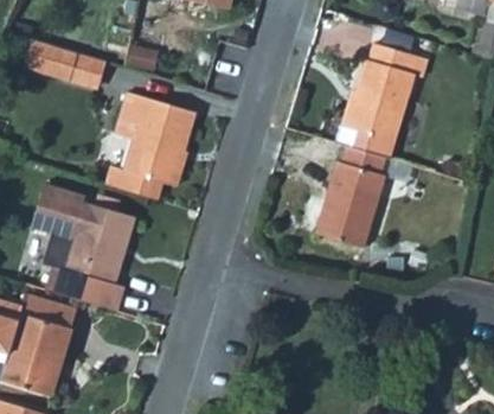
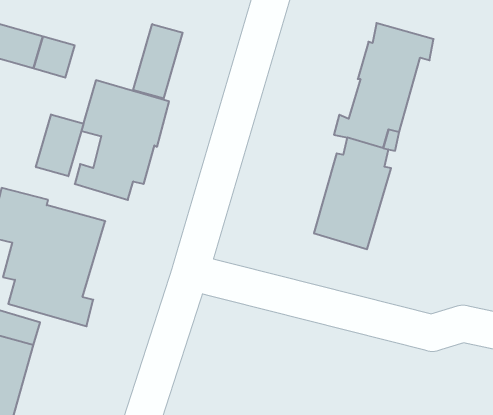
building: none -> [133,24,183,99]
building: none -> [36,114,83,176]

